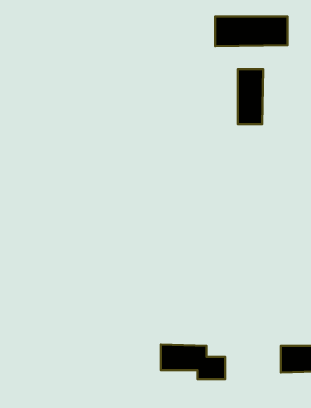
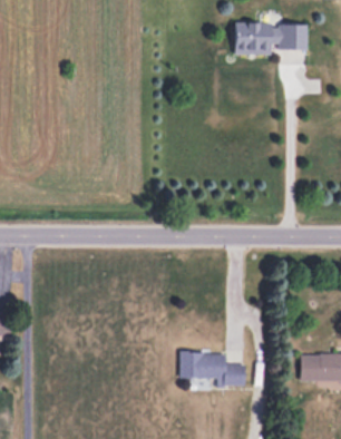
building: [238,69,263,124] -> none

